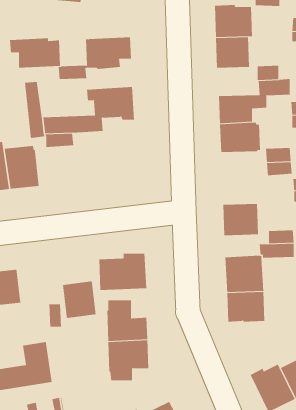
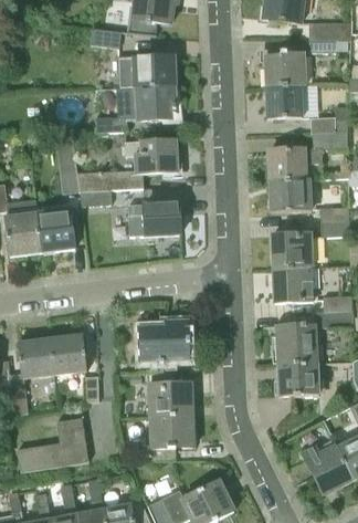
building: [9,38,61,68] -> [117,54,173,87]
building: none -> [135,202,180,234]
building: none -> [272,232,313,268]
building: [62,281,97,318] -> [50,334,87,375]

